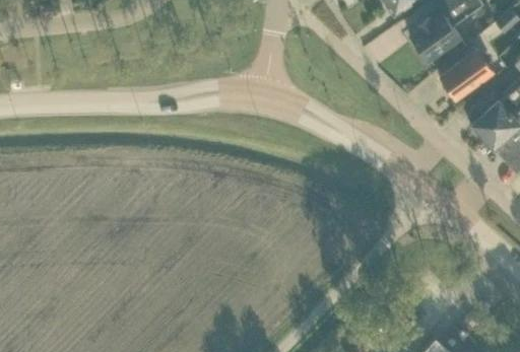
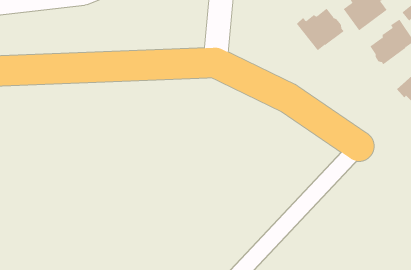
building: none -> [296,8,344,51]

